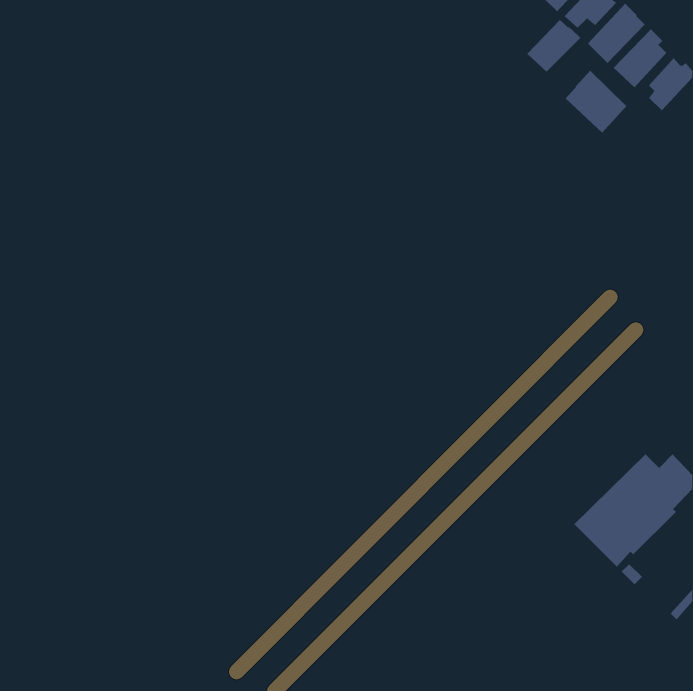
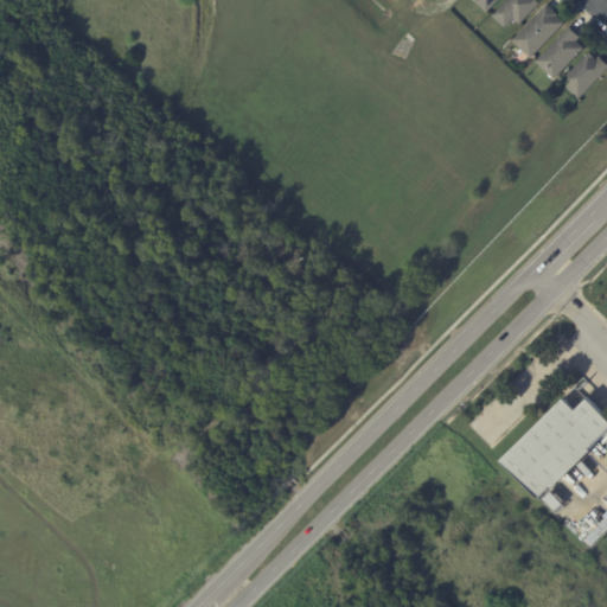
building: [526,19,581,72] -> none
building: [565,70,627,133] -> none

